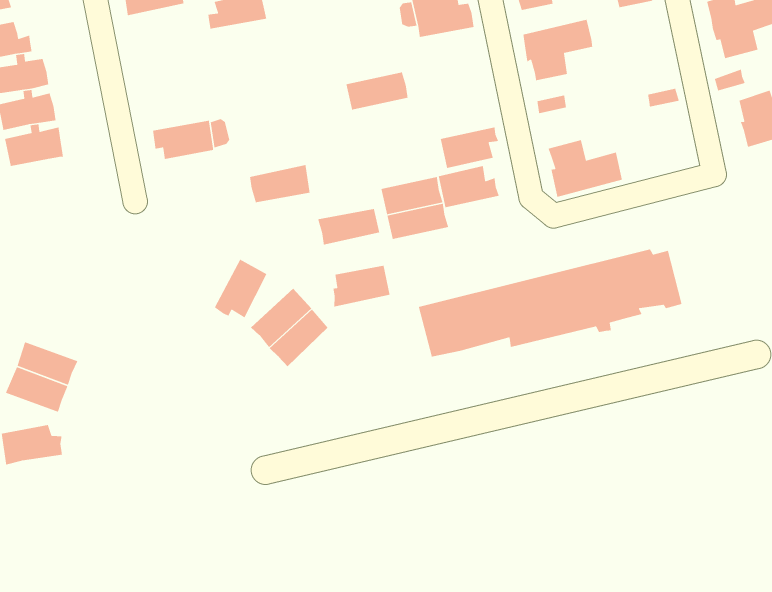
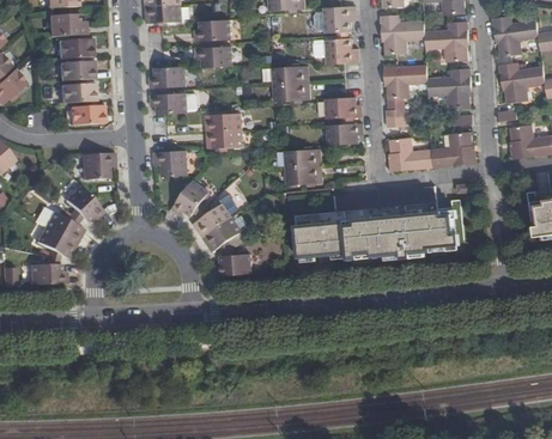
building: none -> [426,69,471,110]
building: none -> [195,48,231,67]
building: none -> [271,65,308,84]
building: none -> [148,66,184,87]
building: none -> [431,133,474,167]
building: none -> [67,103,103,126]
building: [438,165,500,208] -> [323,96,359,118]
building: [317,208,380,245] -> [204,114,241,132]
building: none -> [152,150,183,177]
building: none -> [81,153,114,181]
building: [333,265,391,308] -> [214,255,250,276]
building: none -> [65,187,103,221]

